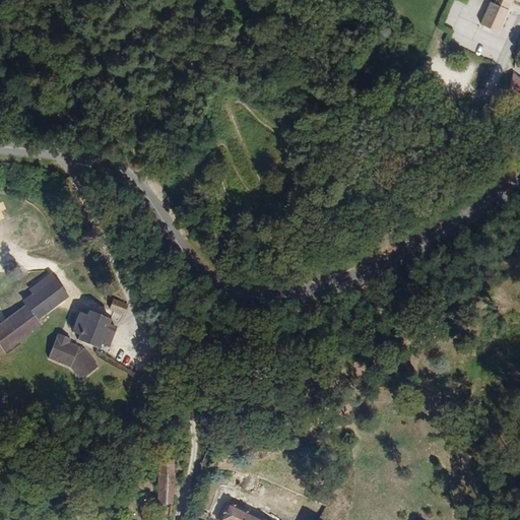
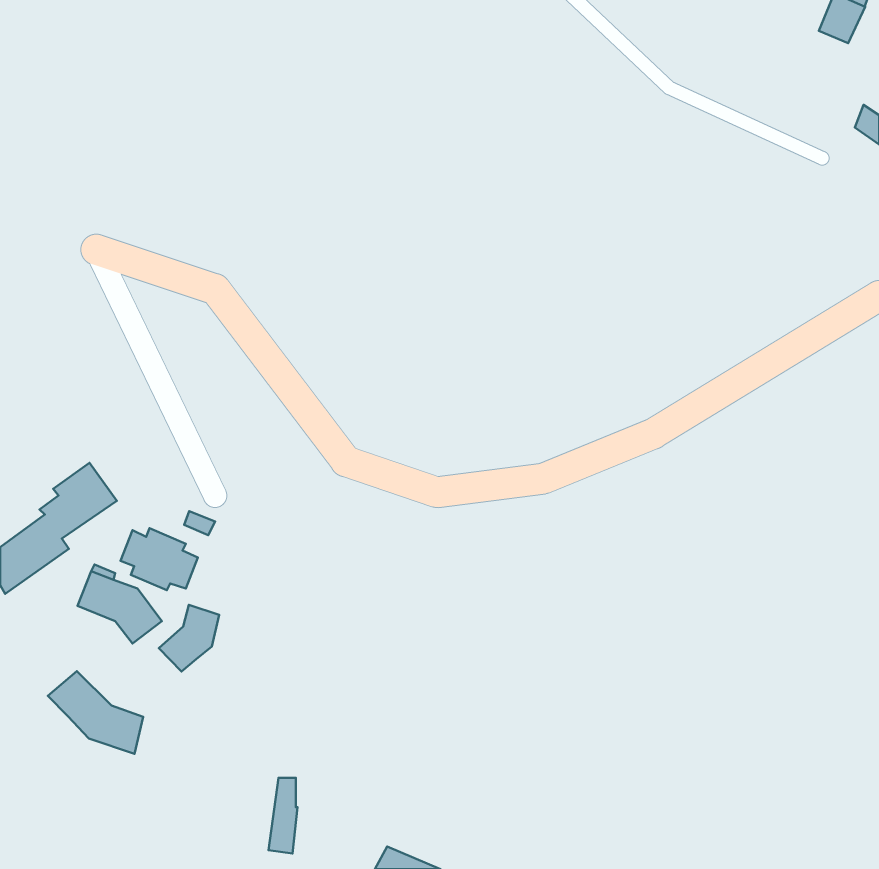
building: none -> [159,605,219,672]
building: none -> [48,671,143,754]

